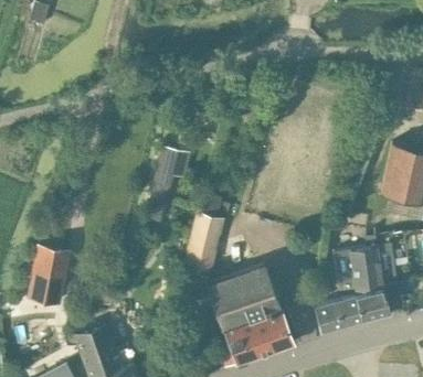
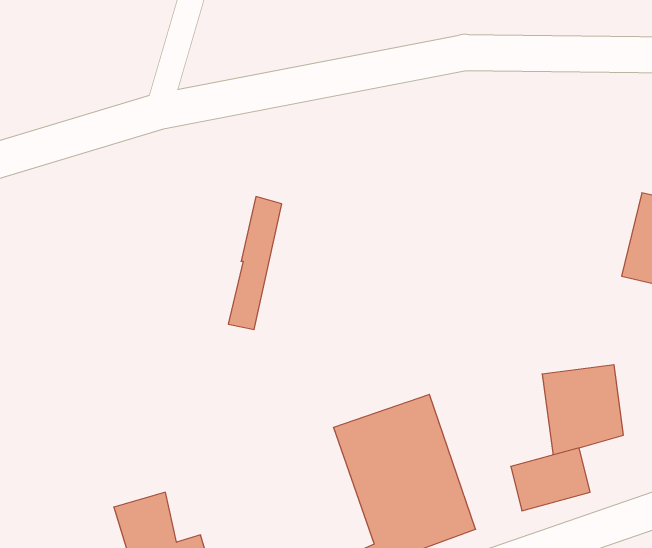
building: [181,213,219,280] -> none
building: [28,245,68,303] -> none
building: [355,289,388,323] -> none

